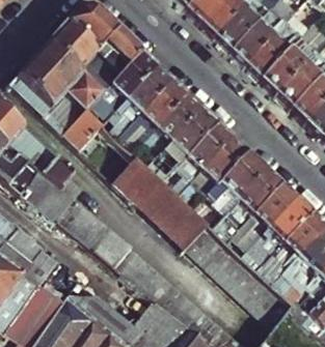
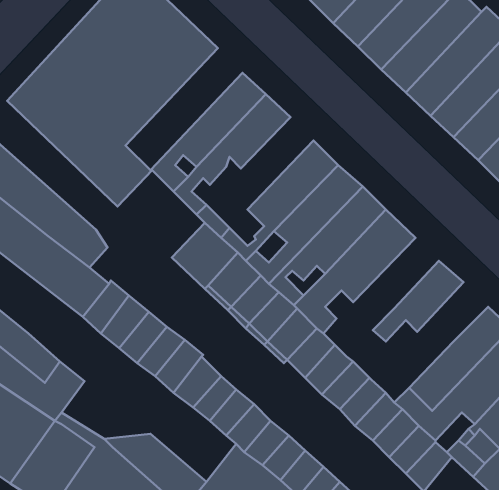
building: [85,52,159,128] -> none
building: [146,95,204,153] -> none
building: [226,171,282,226] -> none
building: [256,199,314,261] -> none

